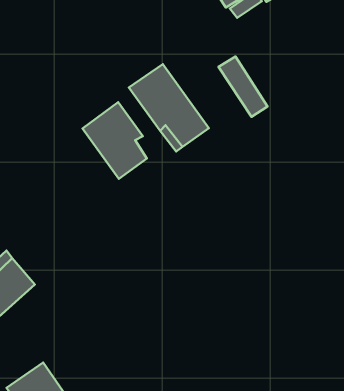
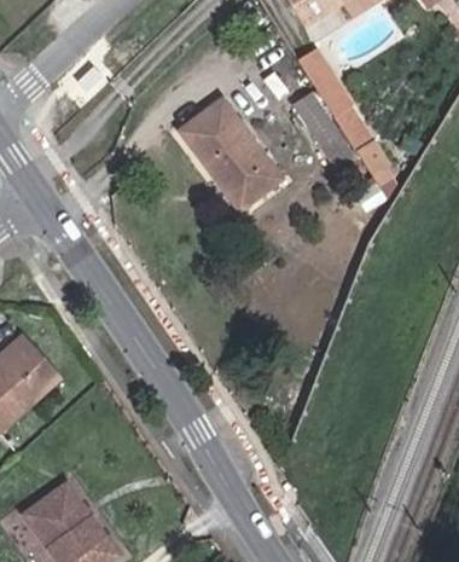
building: none -> [298,50,391,192]
building: [82,102,147,179] -> none

